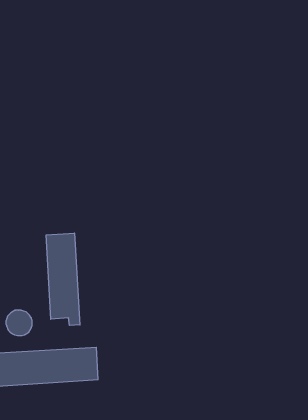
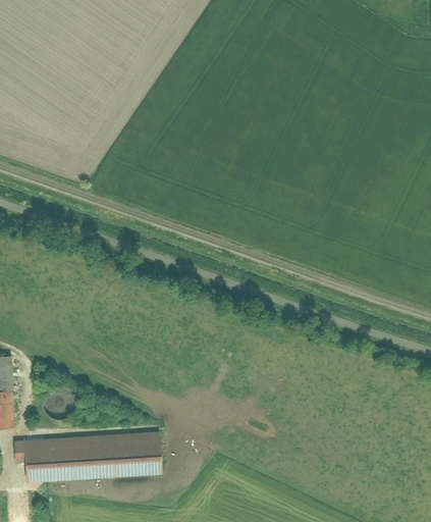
building: [46,233,80,325] -> none

